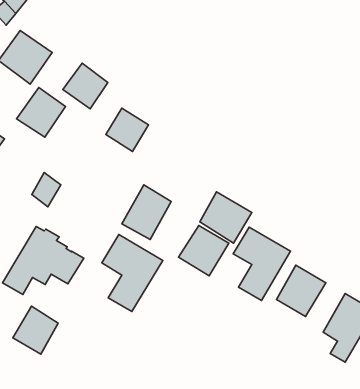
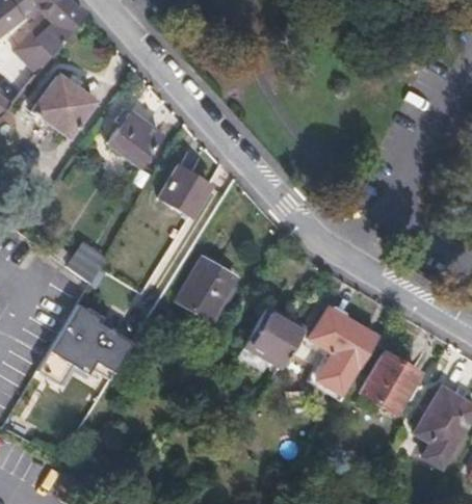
building: [17,88,65,137] -> none
building: [200,192,252,243] -> none
building: [102,234,163,312] -> none
building: [13,306,58,354] -> none

